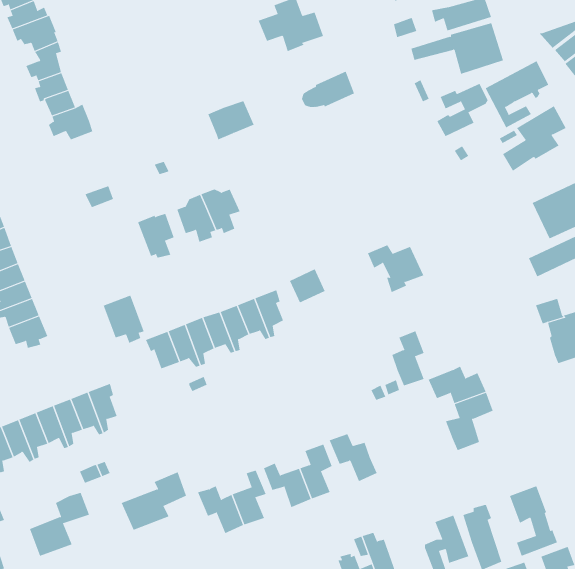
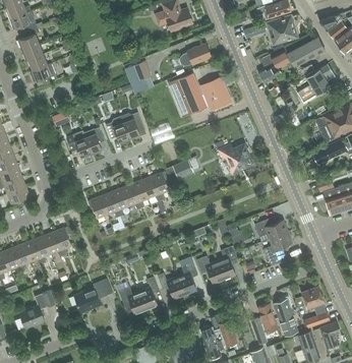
building: none -> [171,74,230,112]
building: [103,295,145,344] -> [66,130,91,159]
building: [391,331,424,386] -> [217,246,236,279]

